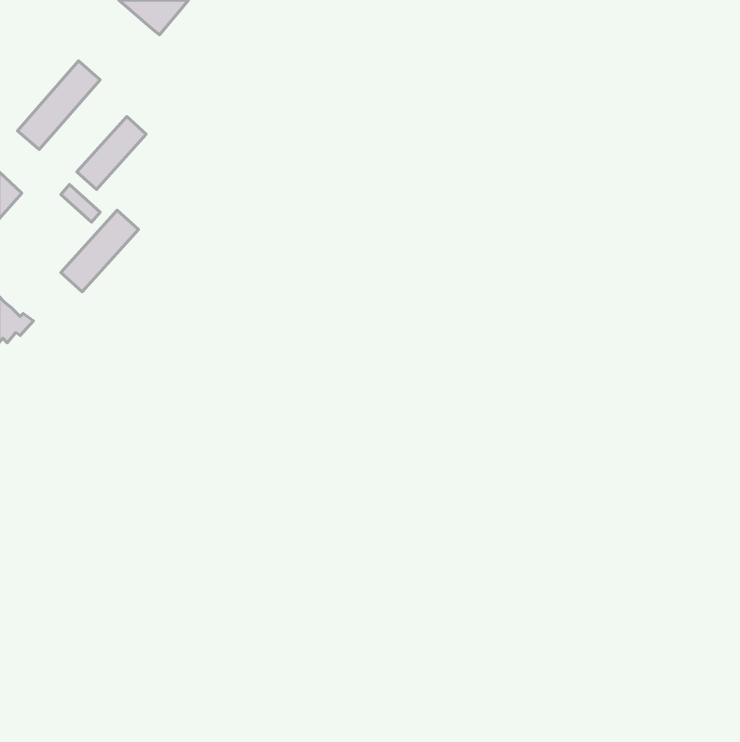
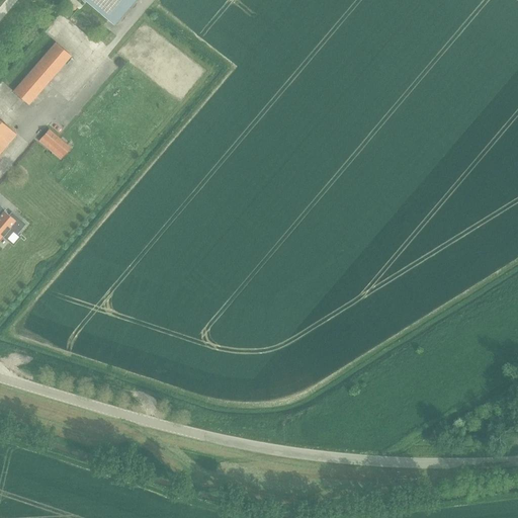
building: [77,117,146,189] -> none
building: [61,210,138,292] -> none

